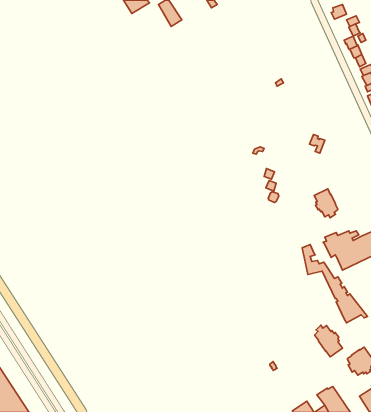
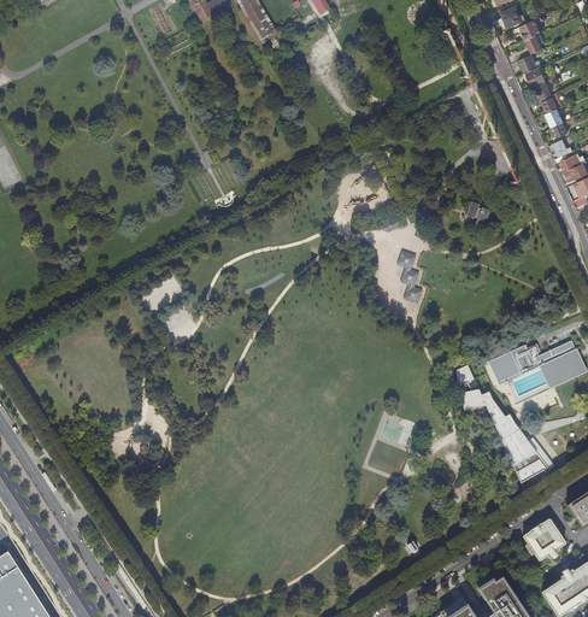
building: [314,189,338,218] -> none
building: [315,325,343,357] -> none

